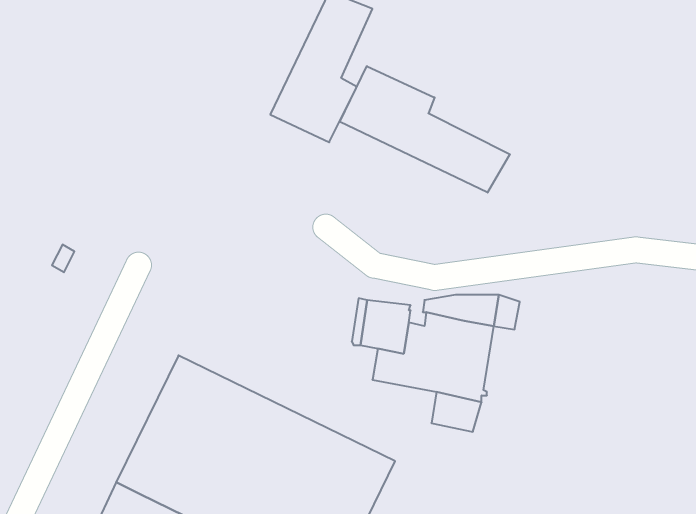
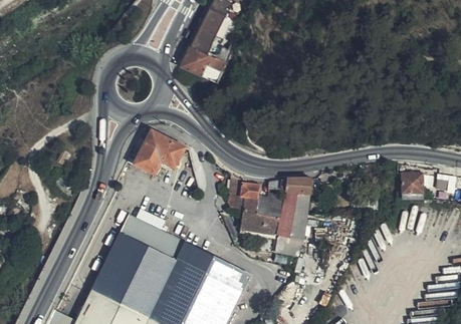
building: [340,66,510,193] -> none
building: none -> [128,130,185,175]
building: none -> [401,177,422,199]

